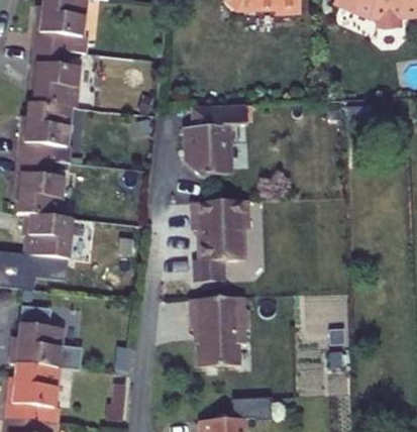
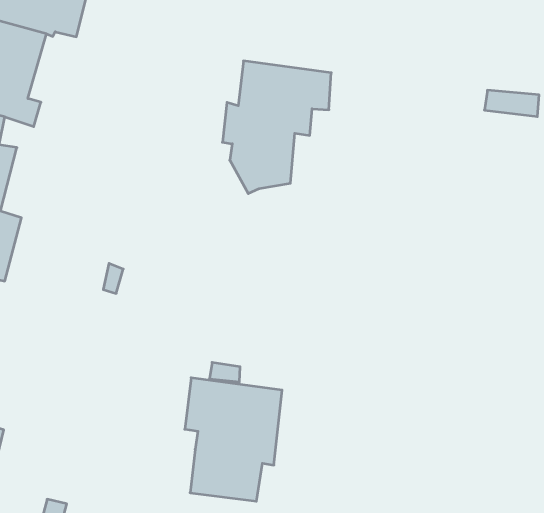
building: [191,199,249,283] -> none

